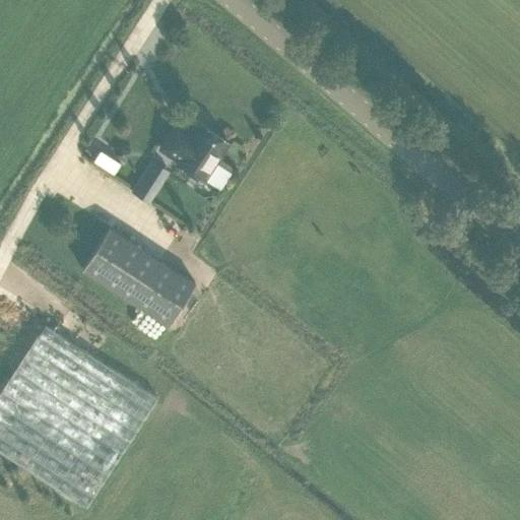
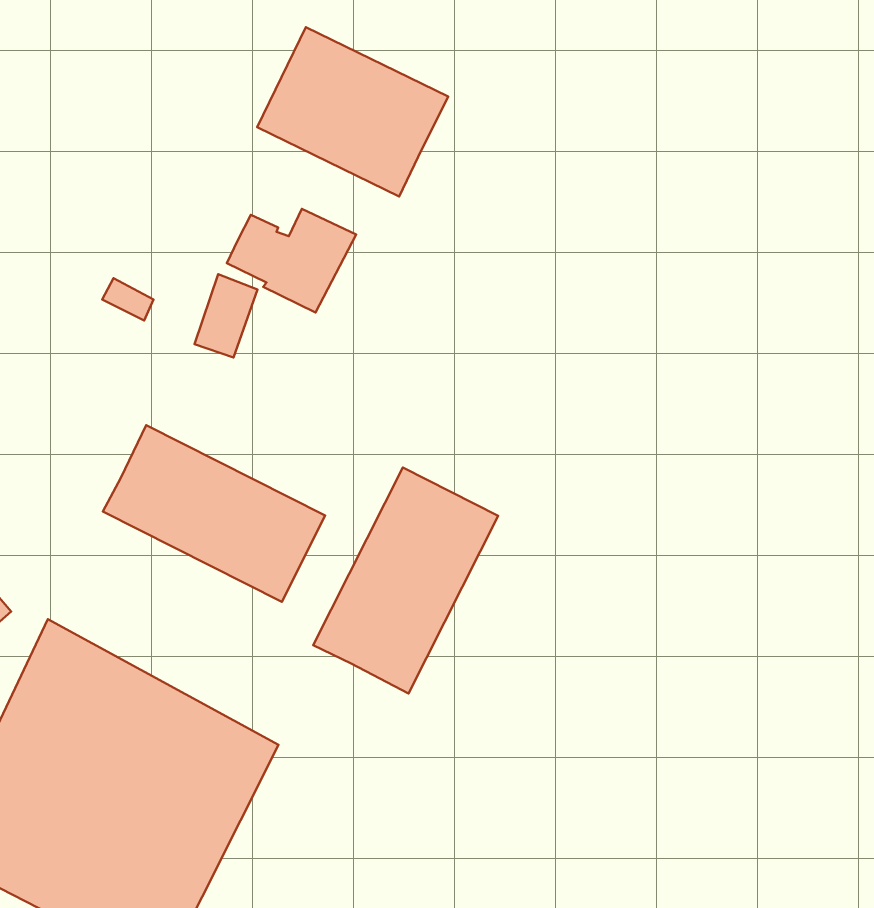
building: none -> [257,27,448,197]
building: none -> [313,468,498,693]

